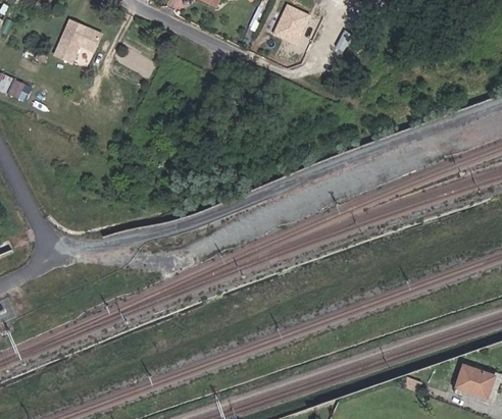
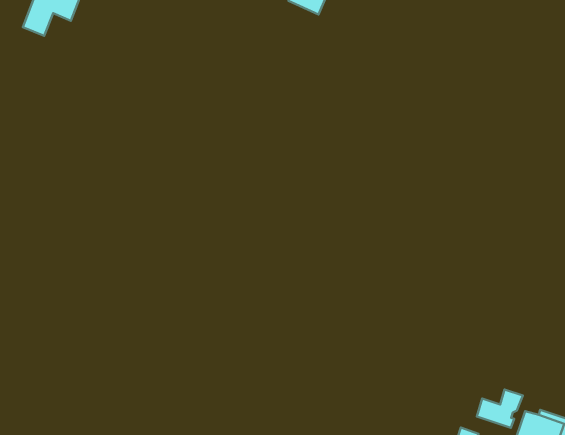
building: none -> [477,390,523,428]

